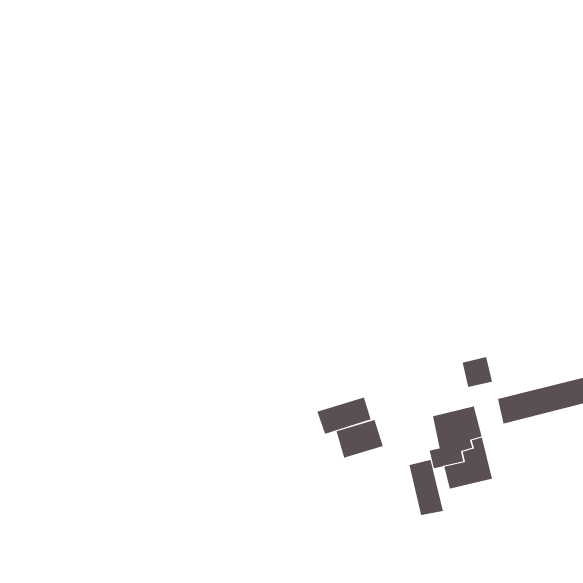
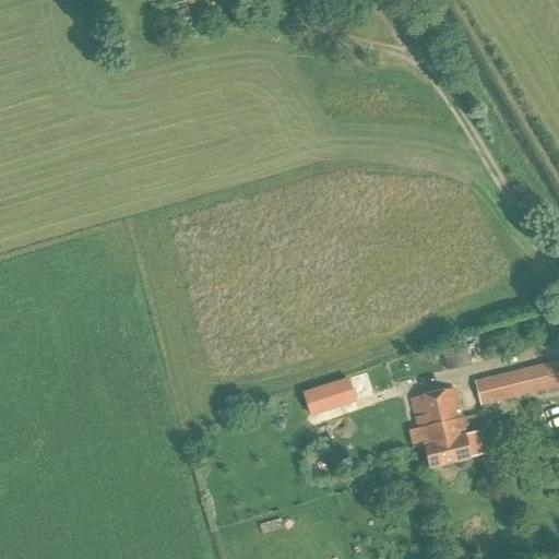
building: [336,419,383,459] -> none
building: [409,459,444,516] -> none

